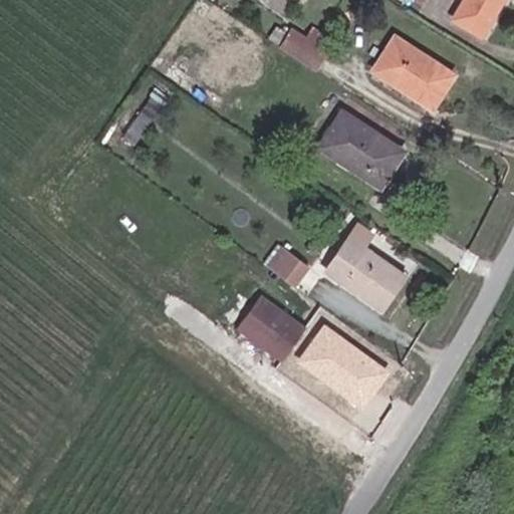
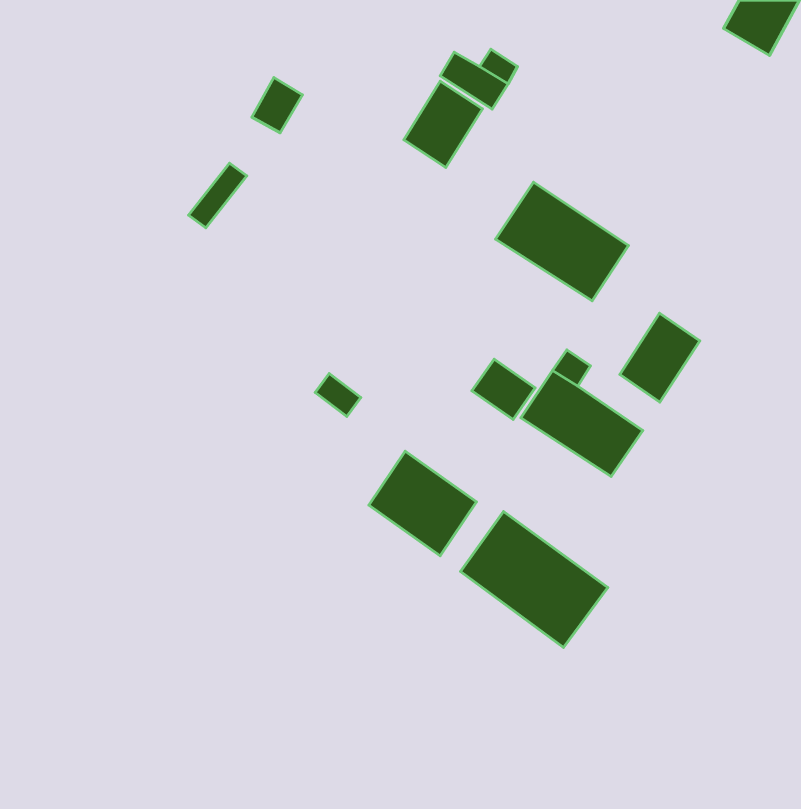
building: [377,38,456,106] -> none
building: none -> [404,81,482,167]
building: none -> [620,313,700,402]
building: [270,246,310,284] -> [472,359,535,419]

